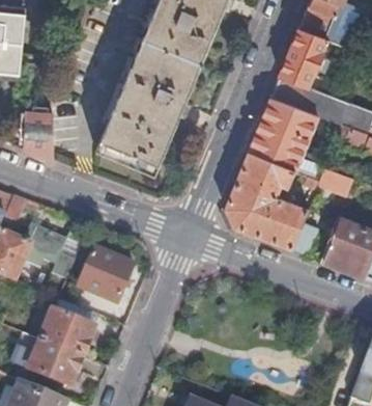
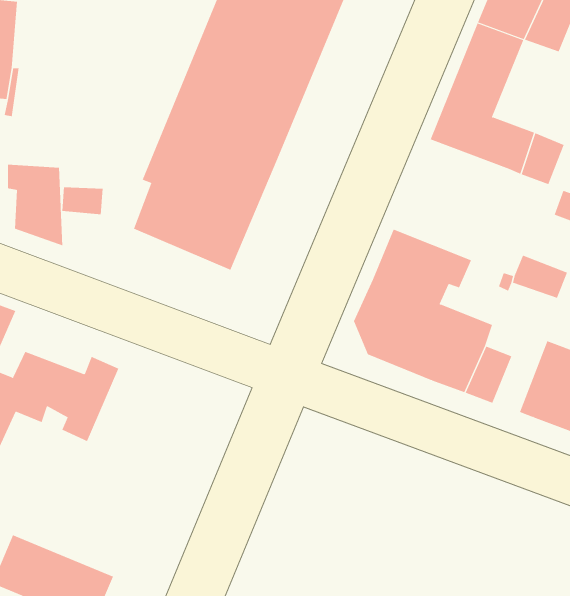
building: [250,97,318,168] -> none
building: [79,248,135,302] -> none
building: [41,309,95,356] -> none

